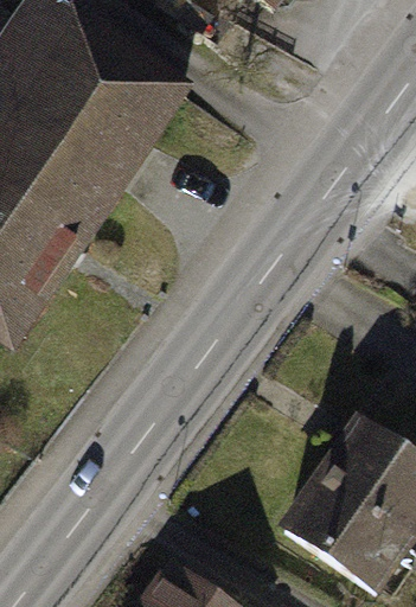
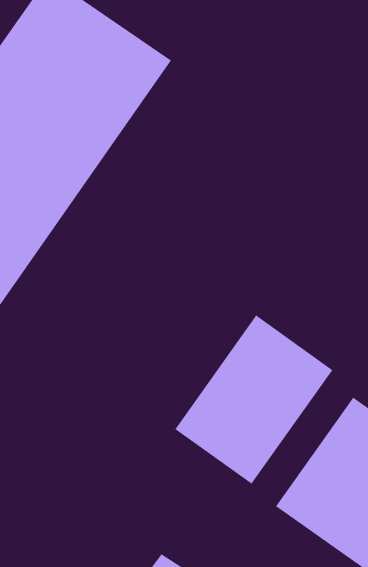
building: none -> [174,315,333,485]

